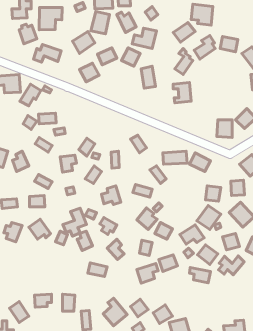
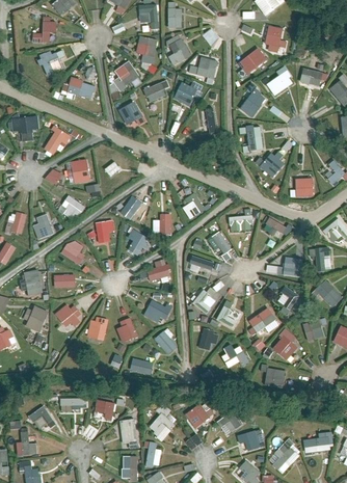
building: [39,8,62,30] -> none
building: none -> [257,149,287,176]
building: [63,208,87,236] -> none
building: [219,256,244,275] -> none
building: [137,263,158,283] -> none

